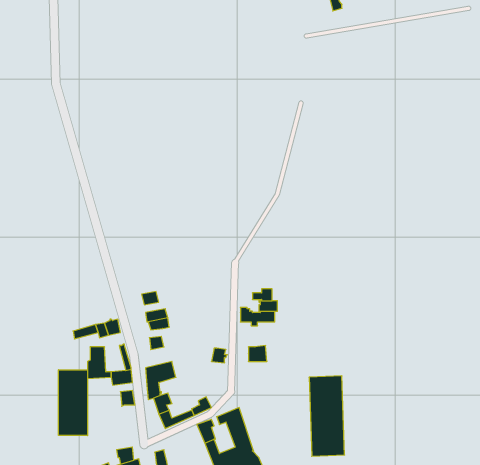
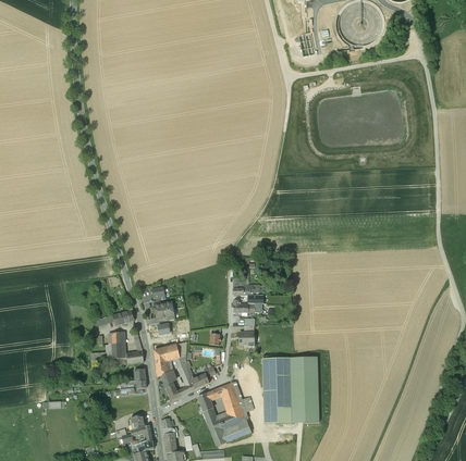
building: [59,370,88,436] -> none
building: none -> [262,357,292,423]

